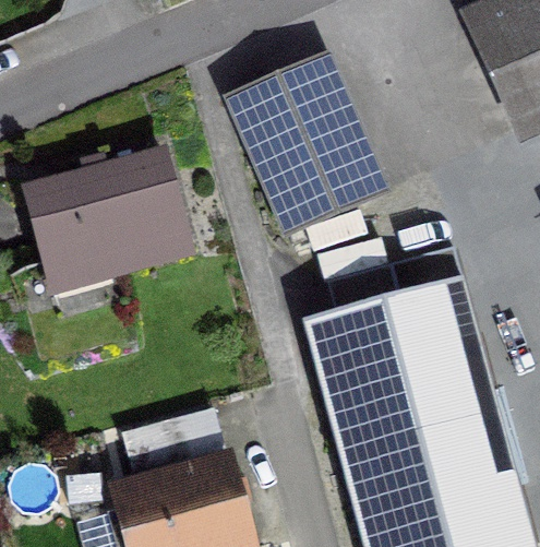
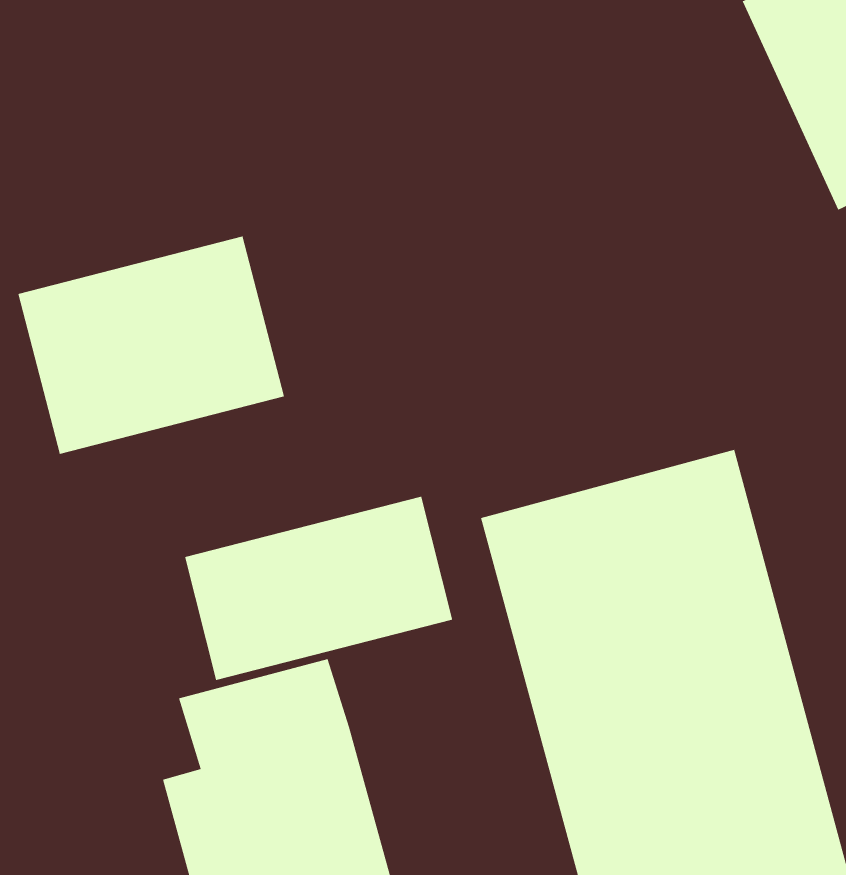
building: [230,60,383,231] -> none
building: none -> [184,496,453,681]

